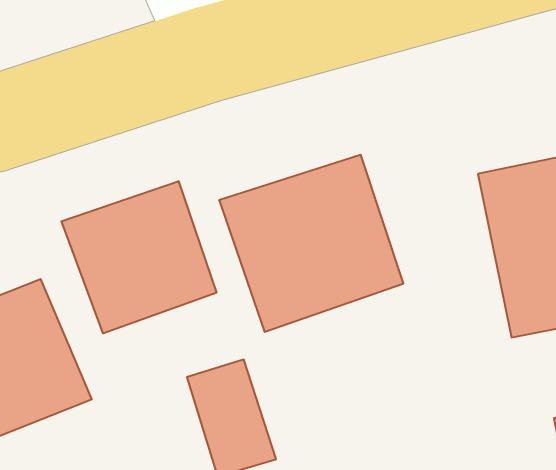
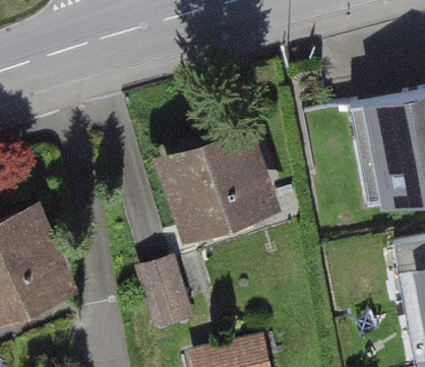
building: [61,181,216,333] -> none

